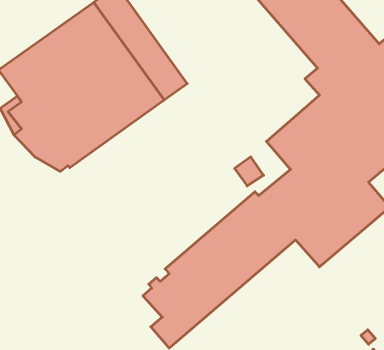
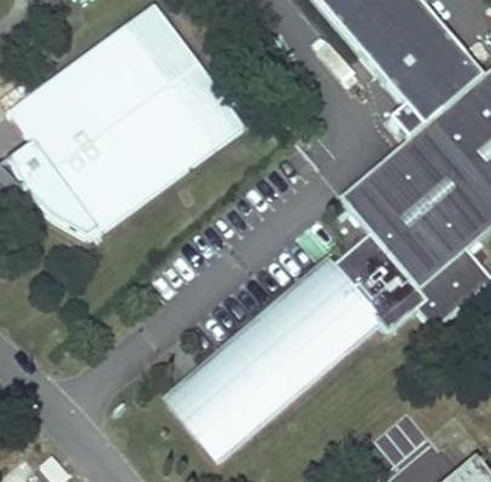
building: none -> [166,358,220,430]

